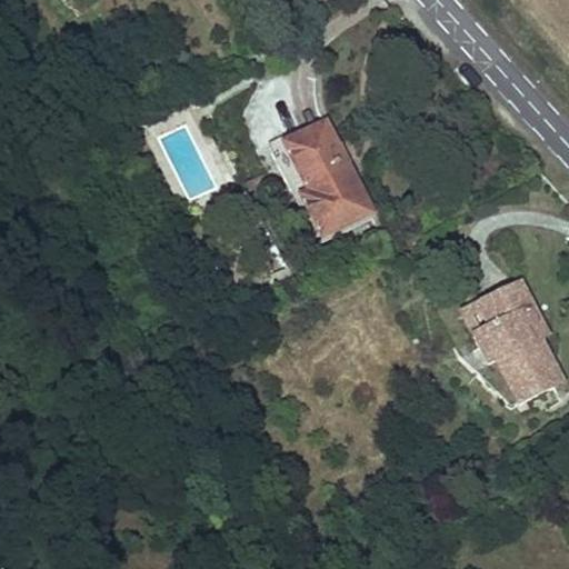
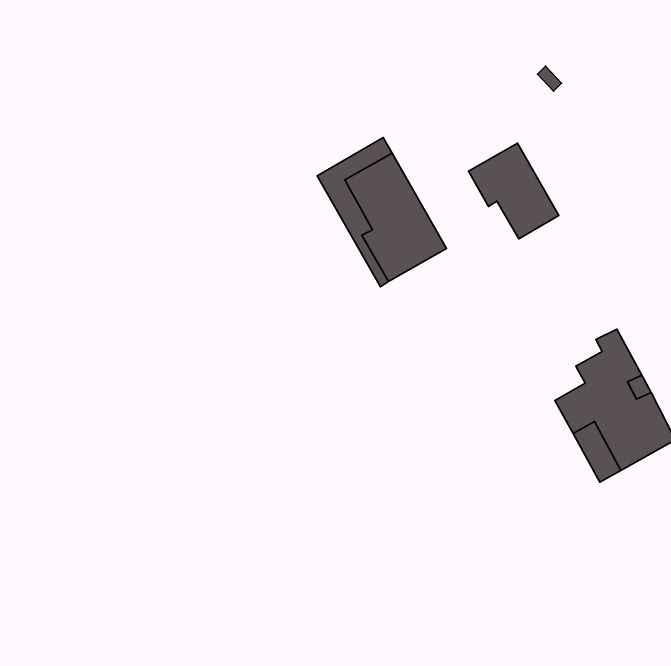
building: none -> [468,143,559,239]
building: [457,286,510,337] -> none

